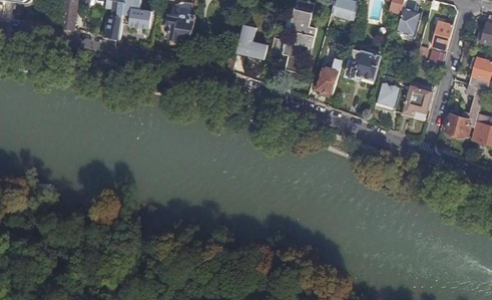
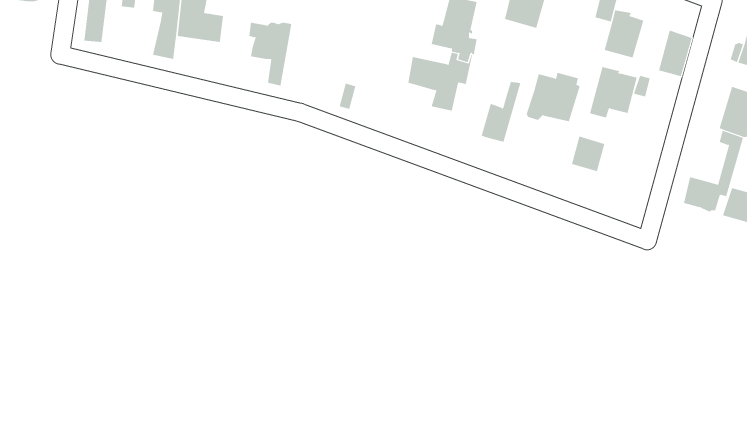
building: [236,36,267,59] -> none
building: [400,83,431,116] -> [589,67,638,118]

